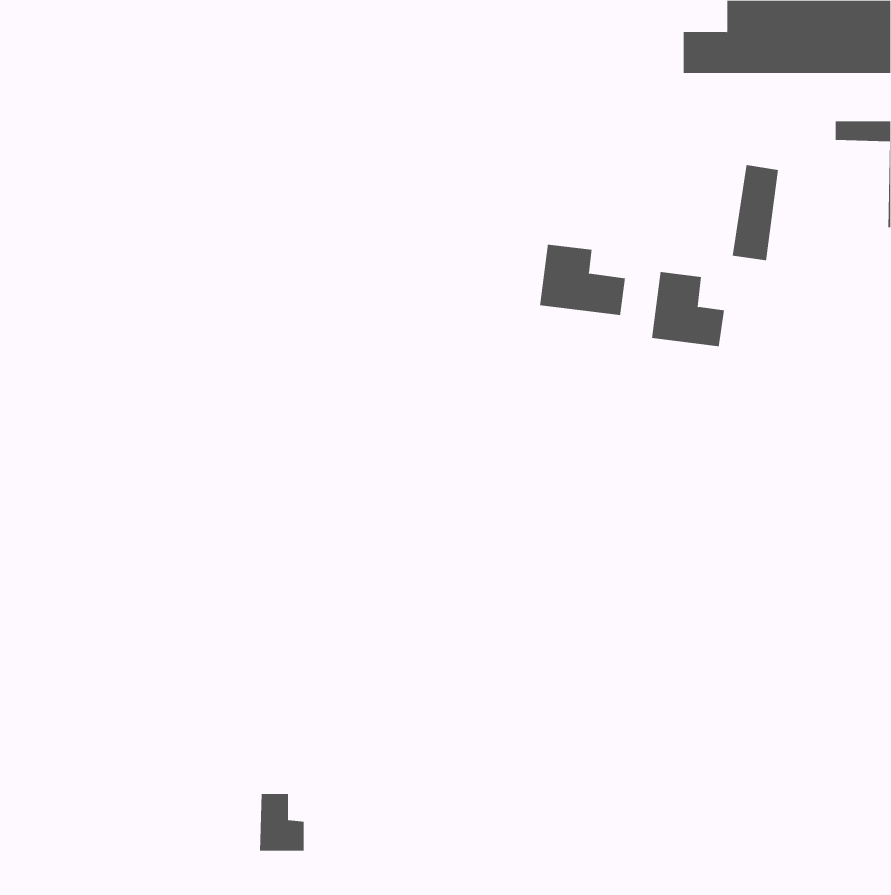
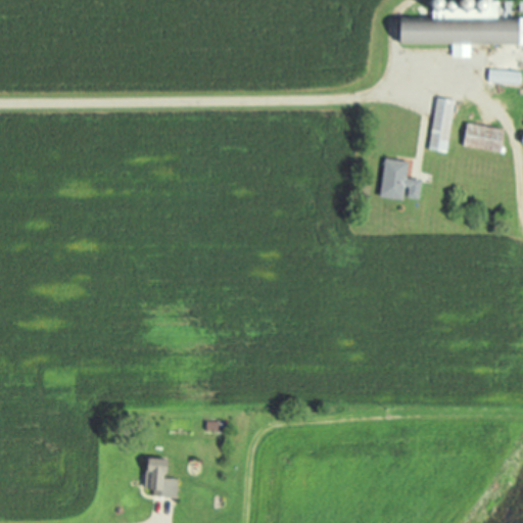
building: none -> [462,124,505,151]
building: [539,244,626,316] -> none

